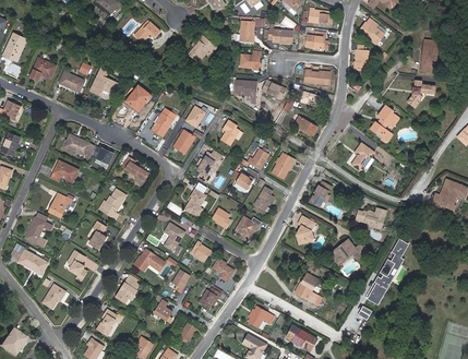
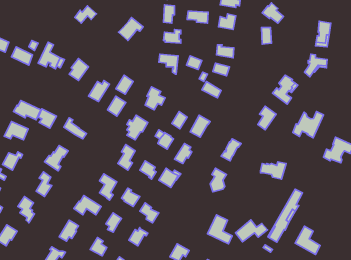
building: none -> [293,111,324,138]
building: [329,239,368,265] -> [235,220,267,242]
building: none -> [295,226,320,254]

